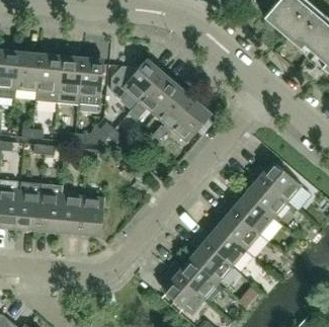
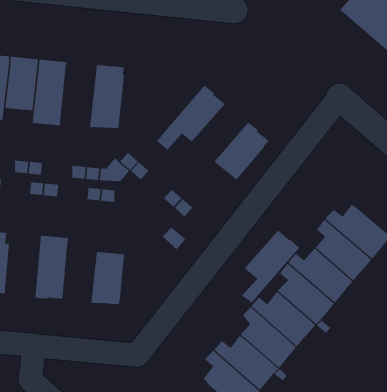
building: [57,56,83,105] -> none
building: [110,59,163,102] -> none
building: [152,87,195,142] -> [241,230,300,304]
building: [16,182,42,231] -> none
building: [59,194,83,235] -> none

